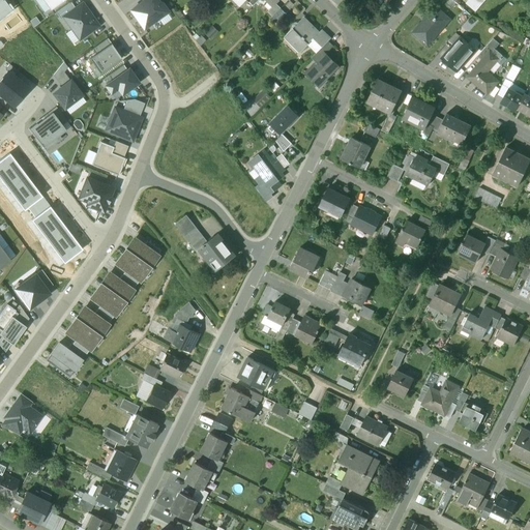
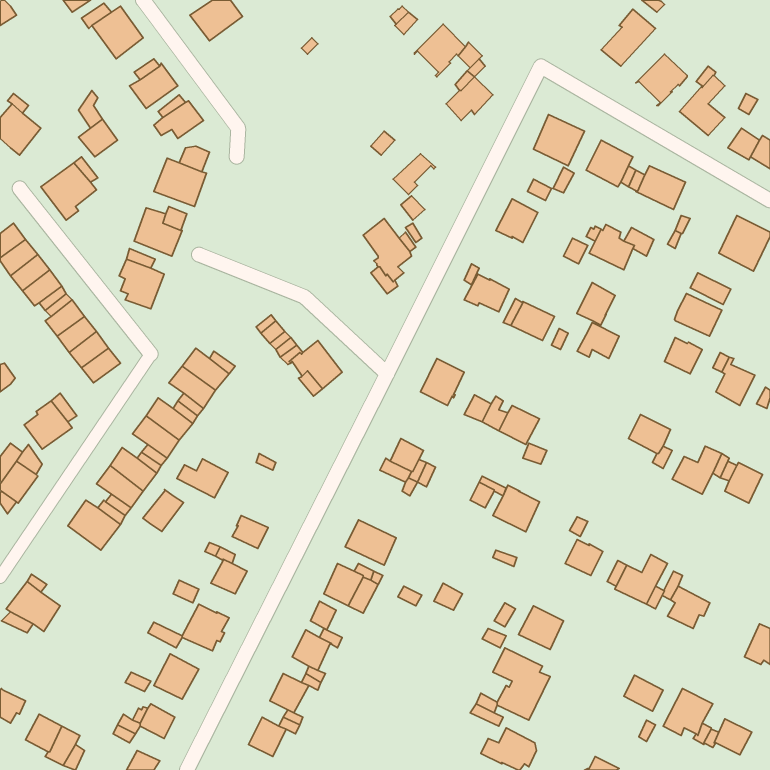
building: none -> [577,283,615,325]
building: none -> [674,294,722,336]
building: [295,317,321,343] -> none
building: [164,325,199,352] -> [177,459,228,498]
building: none -> [143,490,183,531]

